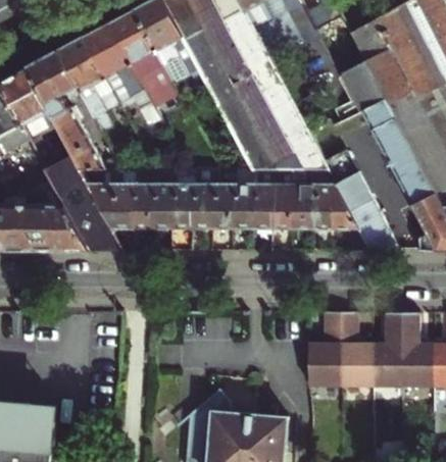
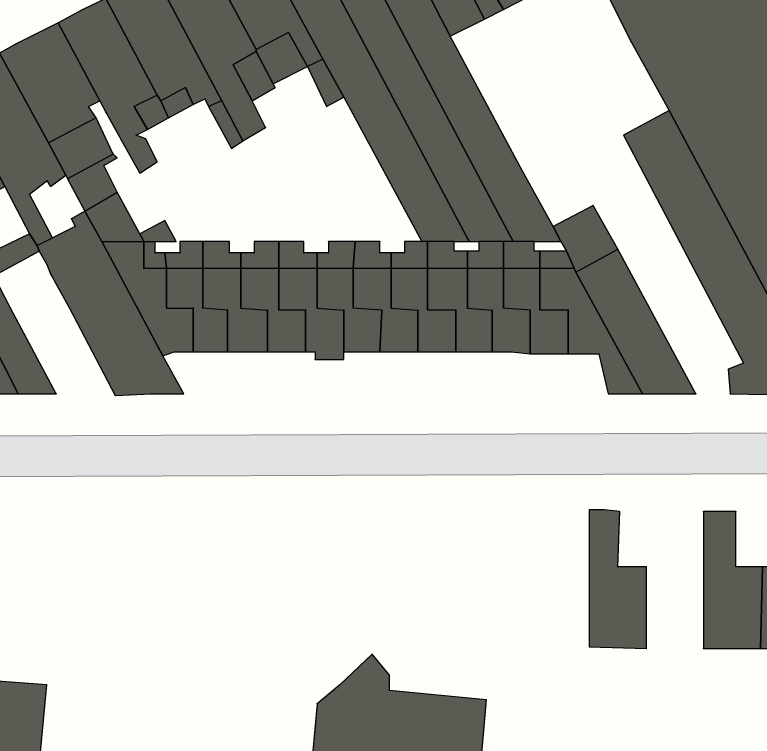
building: [343,61,387,111] -> none
building: [34,204,90,251] -> none
building: [312,312,344,386] -> none
building: [375,313,405,387] -> none

